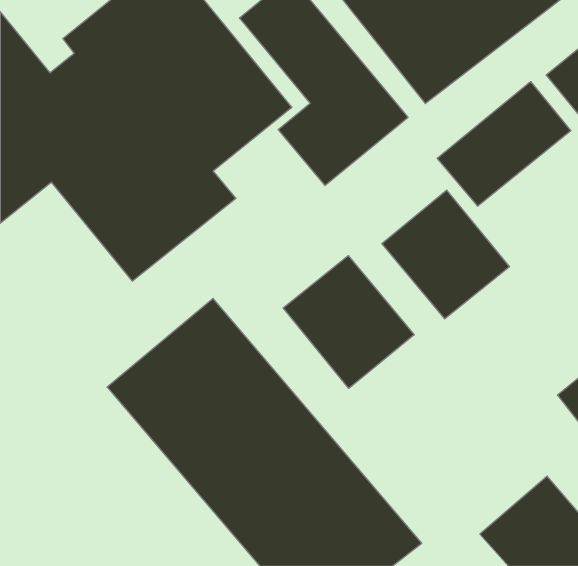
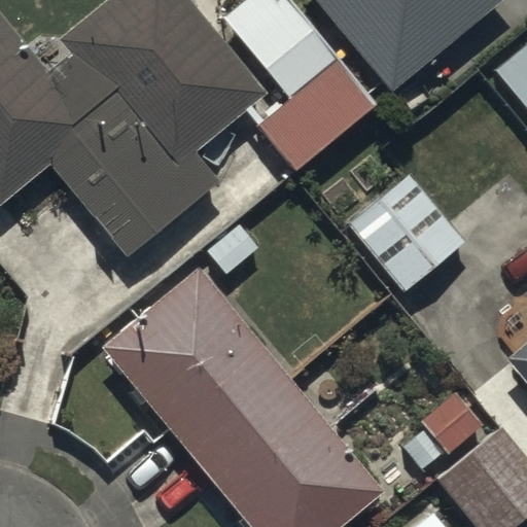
building: [437,82,571,206] -> none
building: [283,256,414,388] -> none

